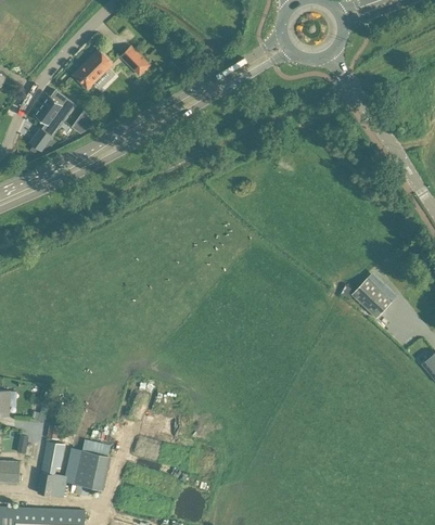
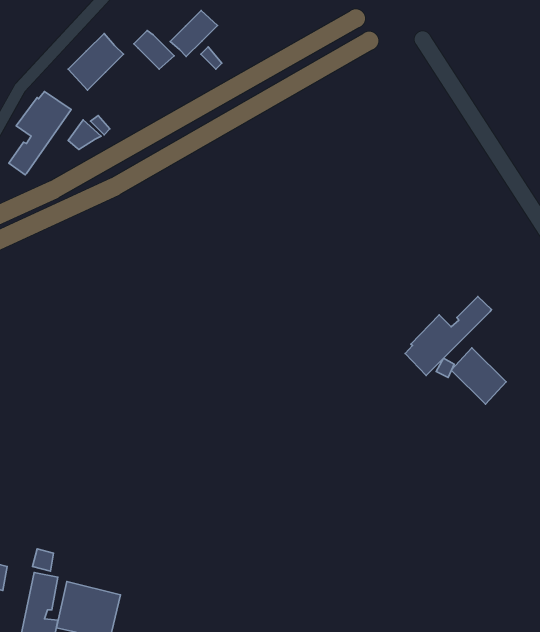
building: none -> [170,10,217,57]
building: none -> [405,296,492,376]

